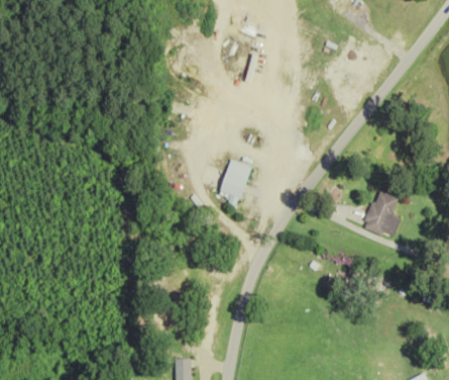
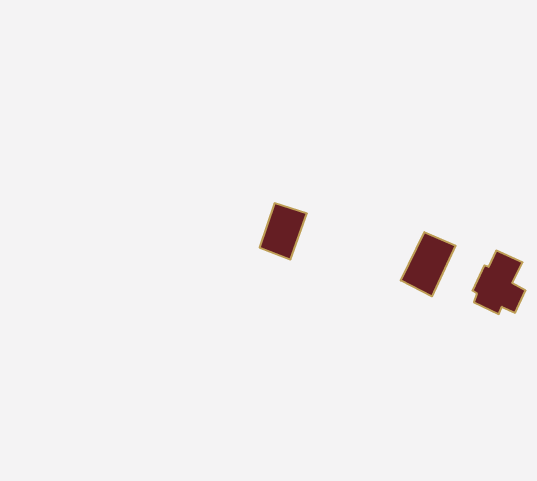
building: none -> [401,232,456,296]

